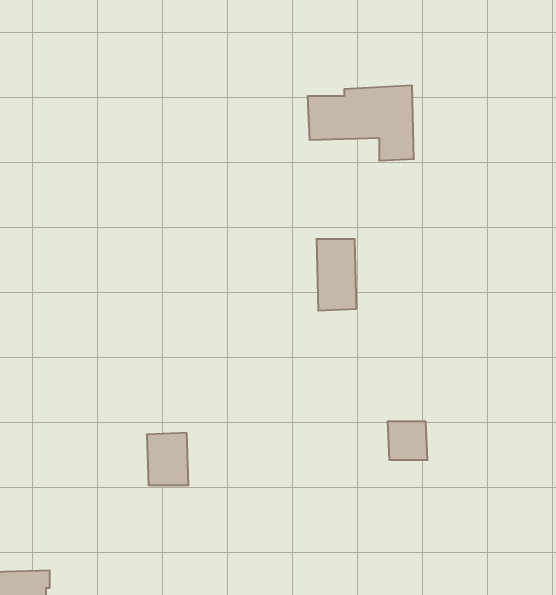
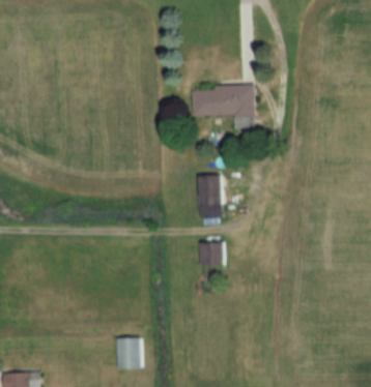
building: [387,422,428,460] -> [199,242,223,265]
building: [147,433,189,485] -> [116,337,141,368]

